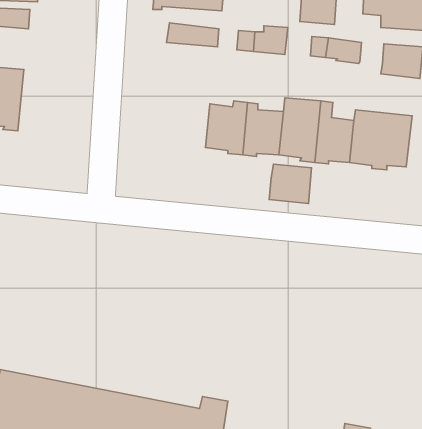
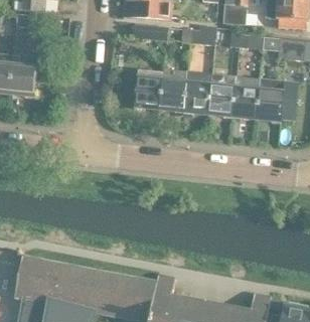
building: none -> [135,70,162,108]
building: [269,164,312,204] -> none

